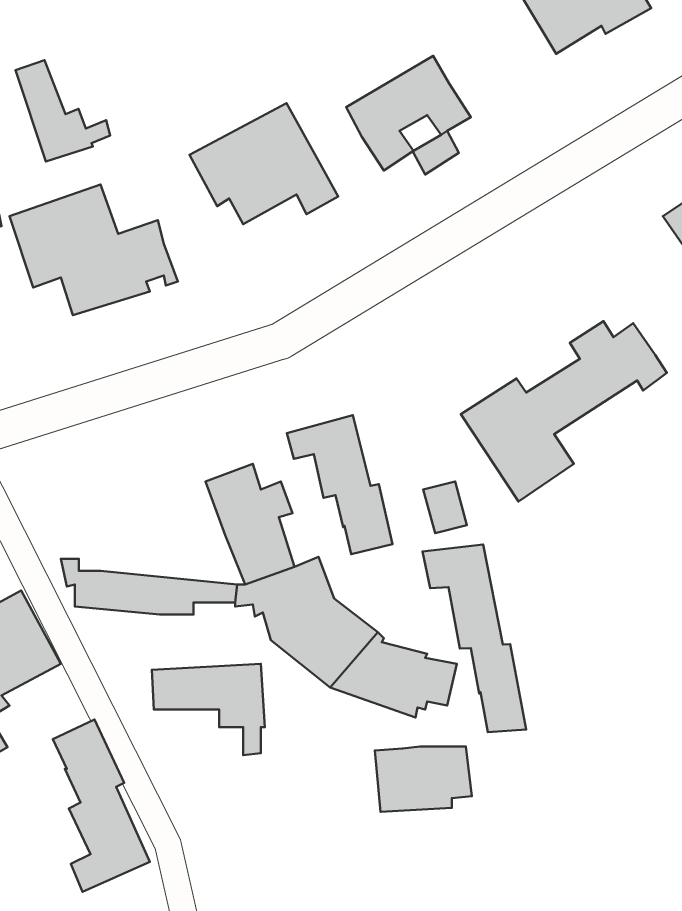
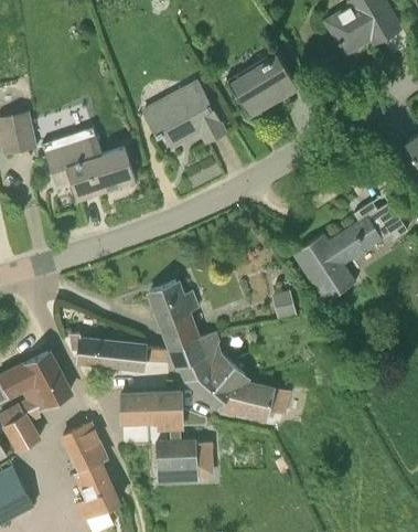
building: [15,60,110,162] -> none
building: [287,415,393,554] -> none
building: [423,545,526,732] -> none
building: [375,747,472,812] -> [156,441,210,478]

